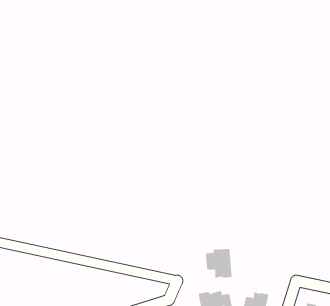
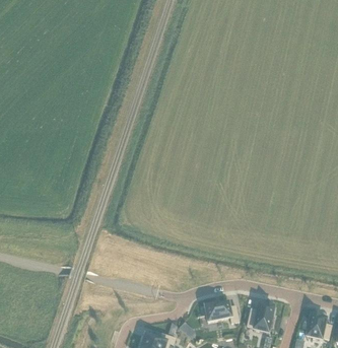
building: [205,248,232,278] -> none

